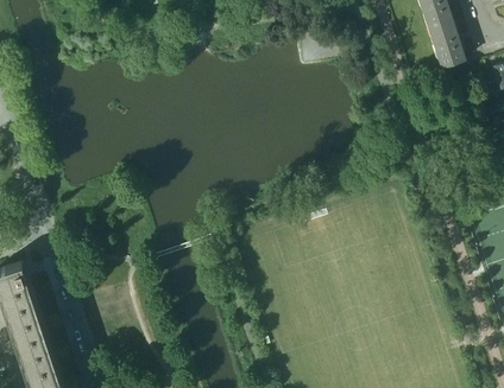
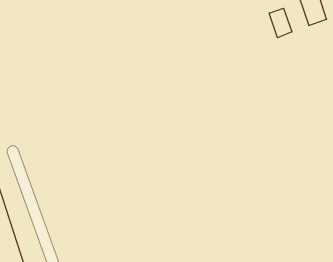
building: none -> [269,8,292,38]

